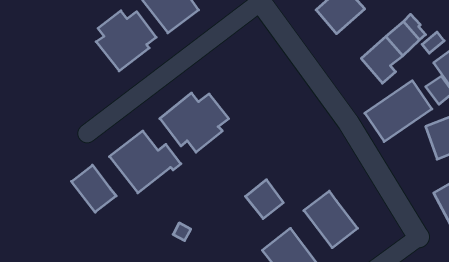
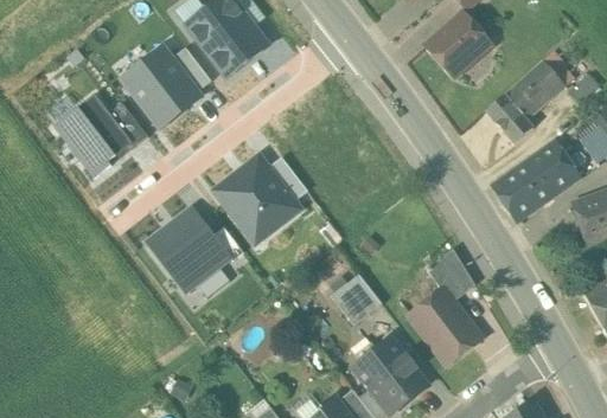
building: none -> [55,95,148,179]
building: none -> [426,249,475,302]
building: [71,165,116,212] -> none

